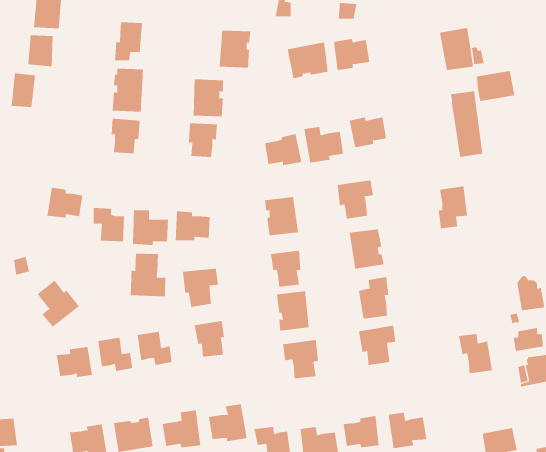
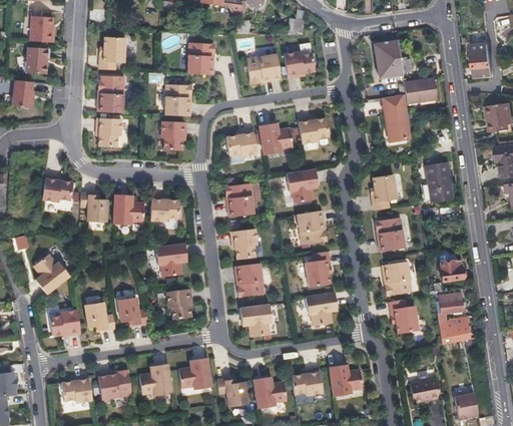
building: none -> [424,163,448,200]
building: none -> [375,218,405,252]
building: [130,253,166,297] -> none
building: none -> [382,261,412,296]

